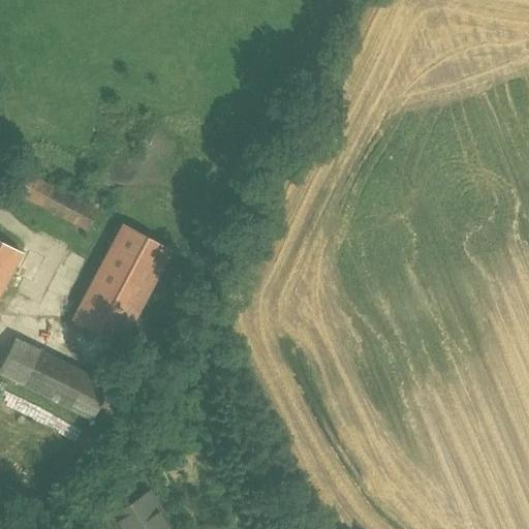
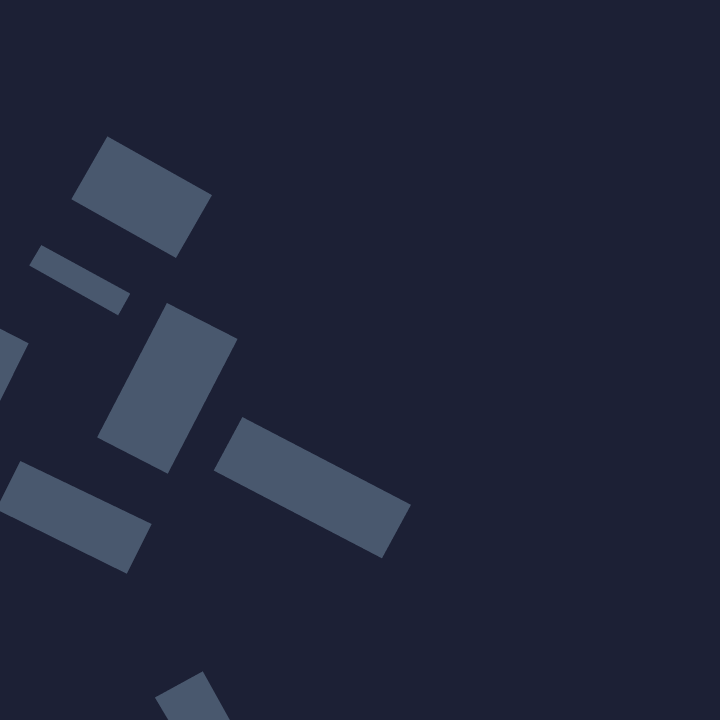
building: none -> [71,135,213,259]
building: none -> [213,416,412,559]

